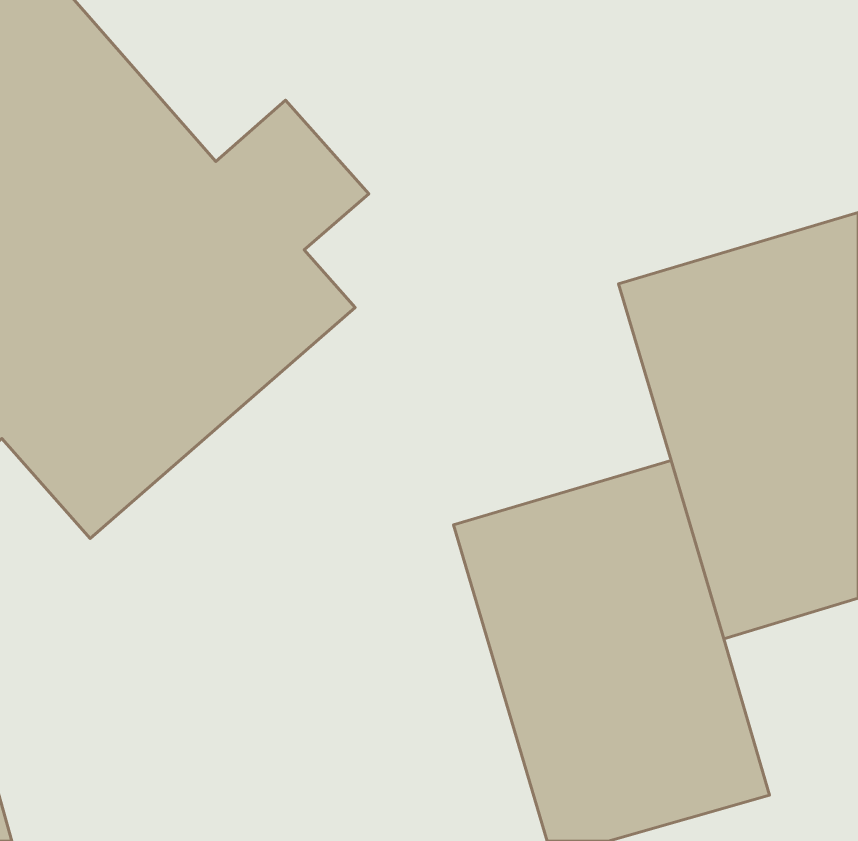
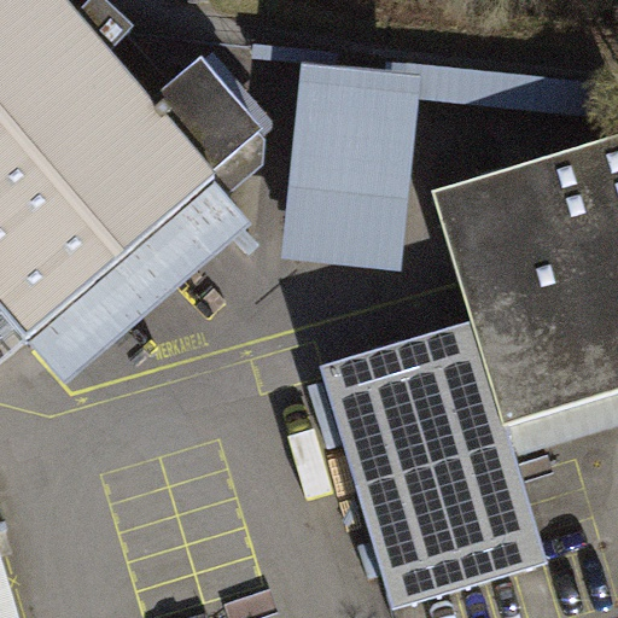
building: none -> [278,71,422,279]

